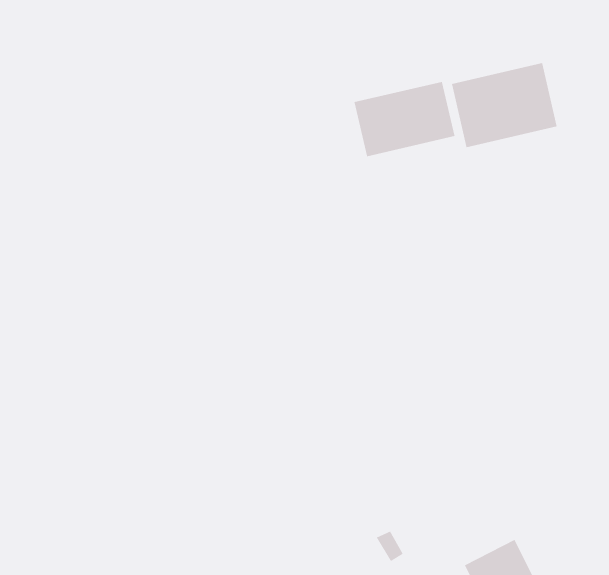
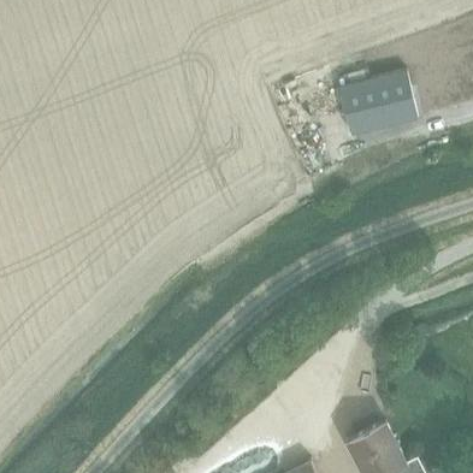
building: [354,81,455,157] -> none

